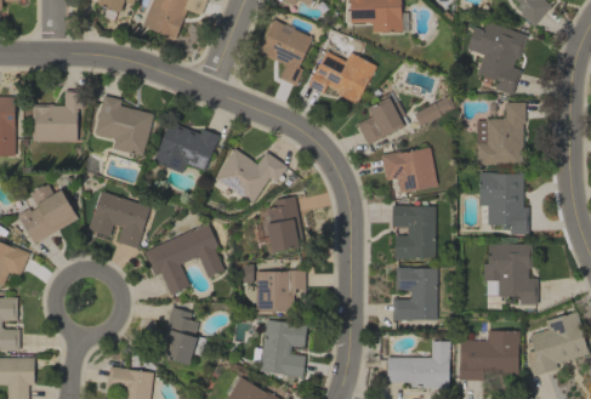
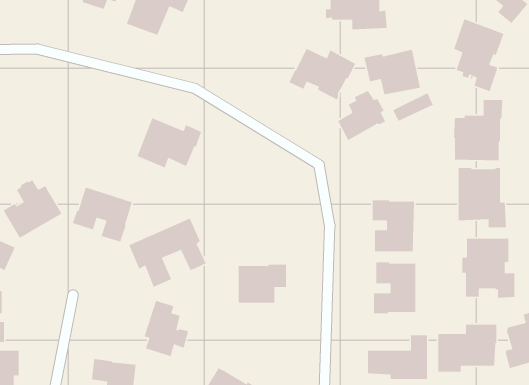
building: [256,18,312,86] -> none
building: [33,91,83,141] -> none
building: [93,96,154,156] -> none
building: [380,147,438,194] -> [363,49,421,95]
building: [215,149,286,204] -> none
building: [266,196,303,252] -> none
building: [261,321,308,380] -> none

